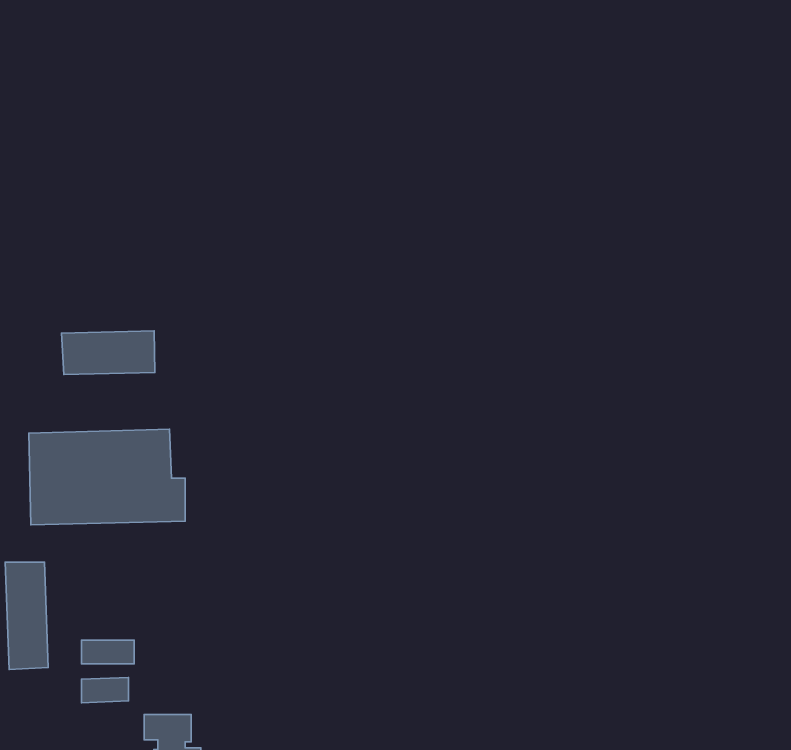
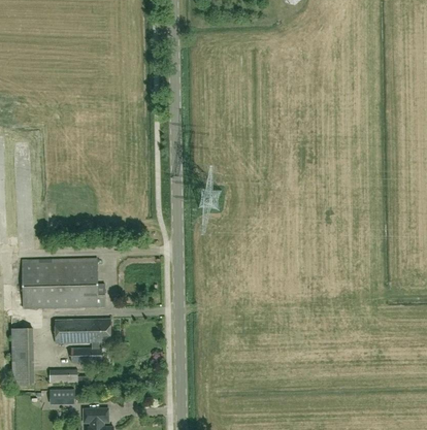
building: [62,331,155,375] -> none
building: none -> [54,318,110,362]

